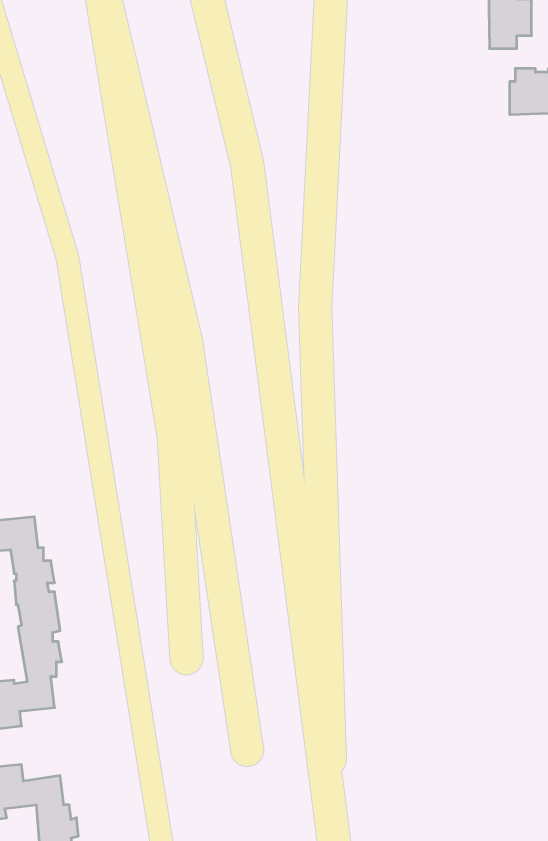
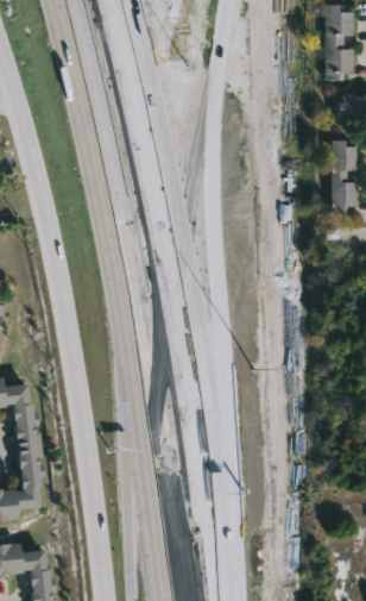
building: none -> [329,139,354,212]

